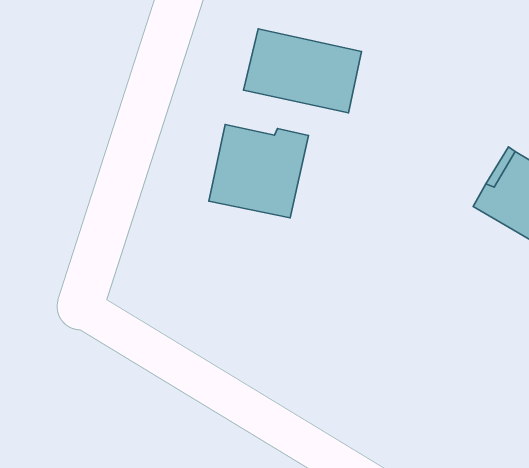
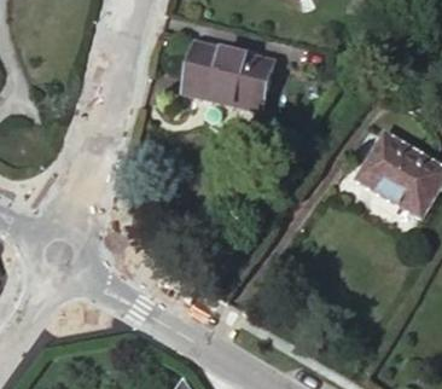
building: [209,125,309,218] -> none

